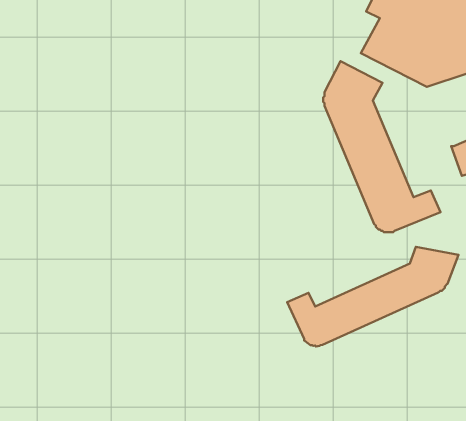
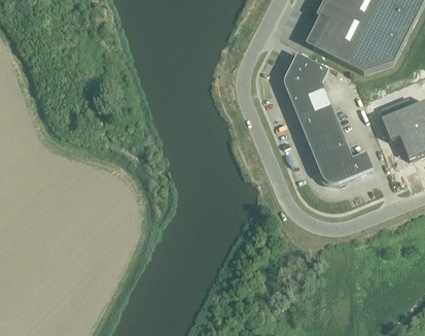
building: [287,247,459,346] -> none

